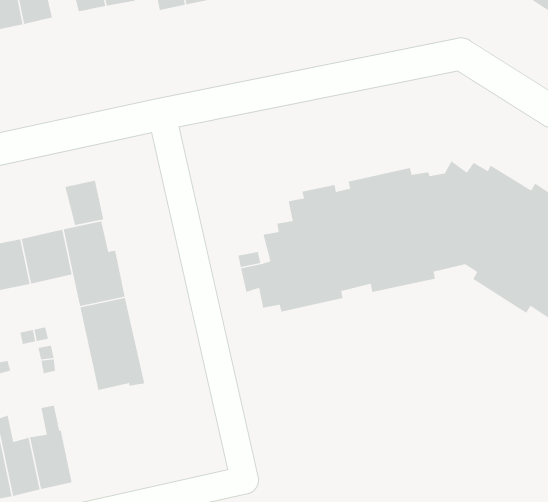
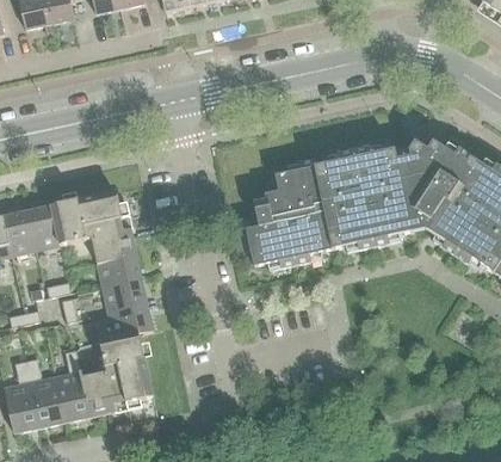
building: [65,180,104,226] -> none
building: none -> [82,331,153,415]

